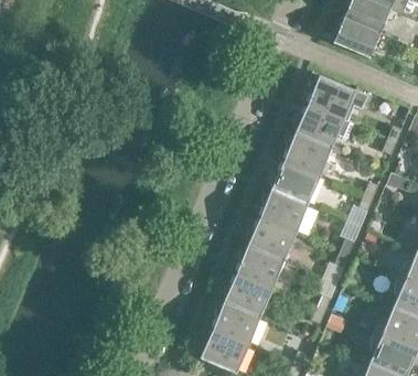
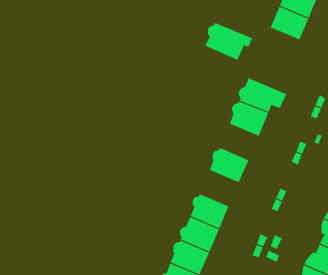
building: [307,76,366,122] -> [204,22,253,60]
building: [270,161,320,205] -> none
building: [247,217,296,261] -> none

